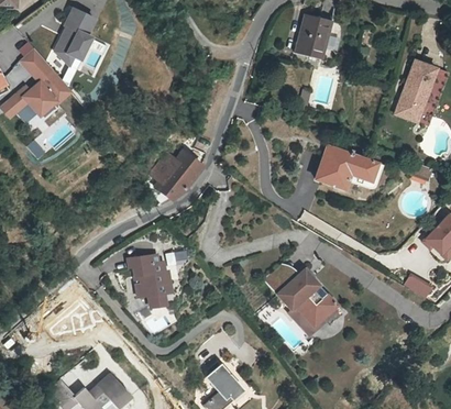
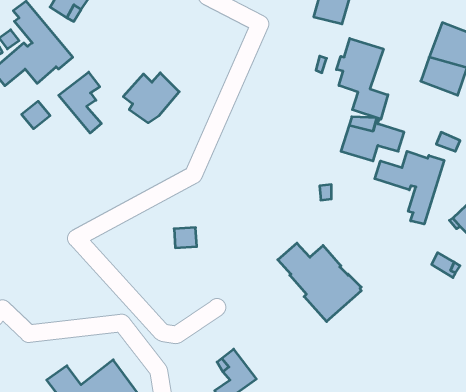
building: none -> [336,38,388,119]
building: none -> [59,72,101,133]
building: [150,152,201,198] -> [123,73,179,123]
building: none -> [375,151,444,224]
building: [132,257,169,308] -> none

